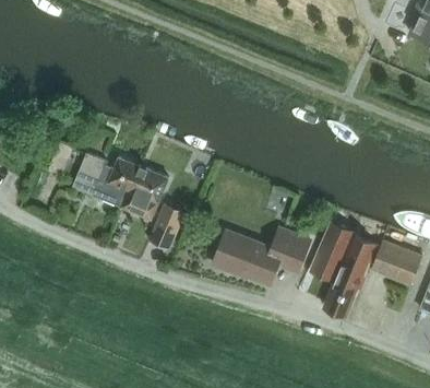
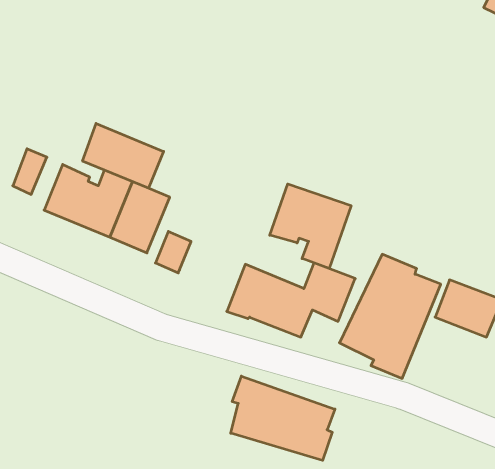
building: none -> [83,123,164,188]
building: none -> [270,184,351,268]
building: none -> [231,376,335,460]

